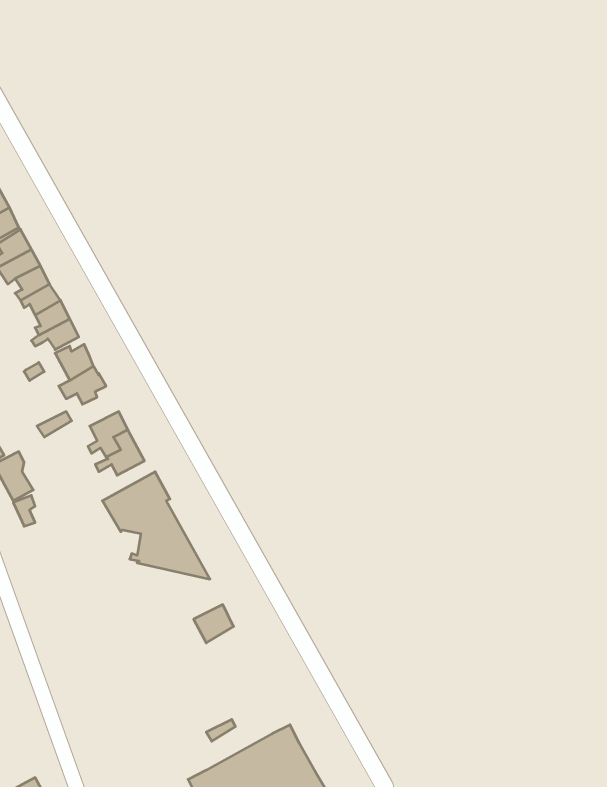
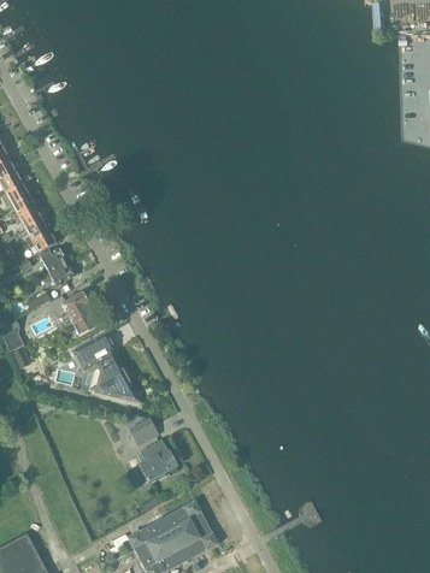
building: none -> [137,442,176,484]

